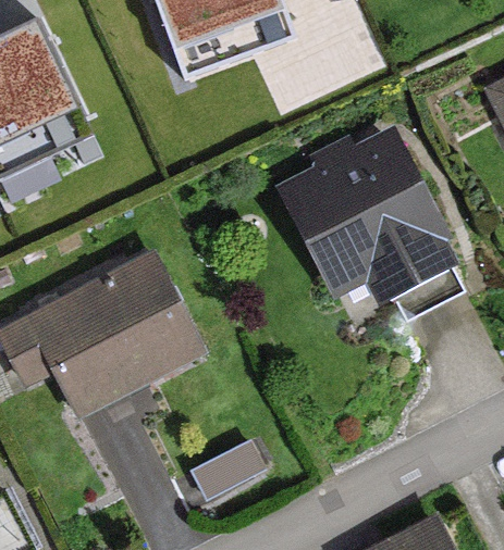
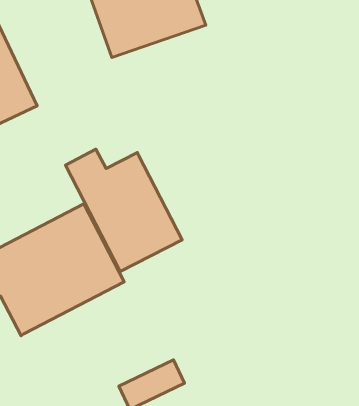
building: [285,135,443,289] -> none
building: none -> [65,149,182,272]

